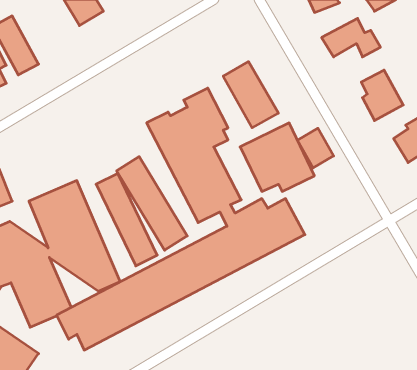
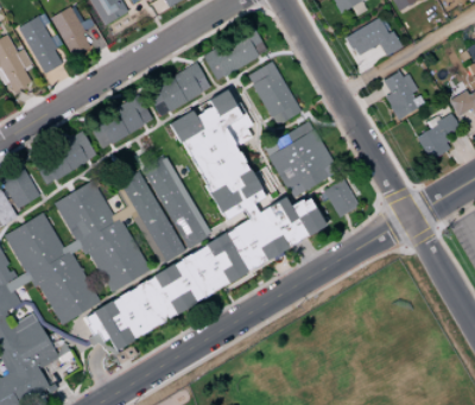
building: none -> [52,6,91,59]
building: none -> [204,32,267,78]
building: none -> [147,63,211,118]
building: none -> [90,97,153,150]
building: [298,128,334,168] -> [324,179,360,219]
building: none -> [34,133,97,186]

